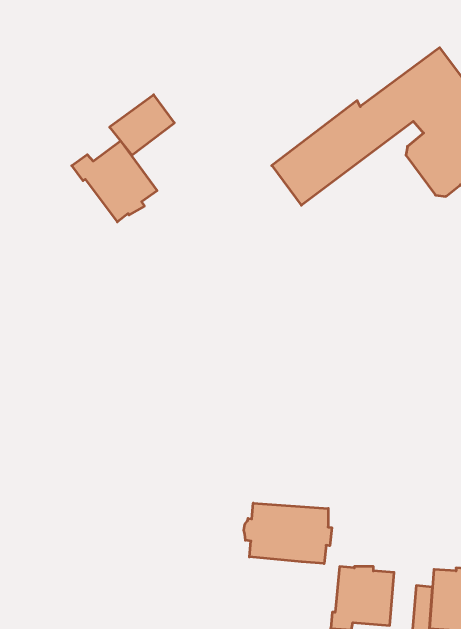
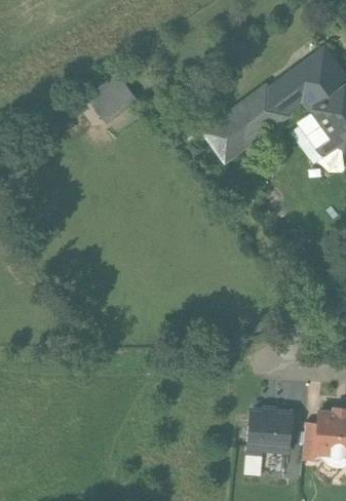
building: [72,141,157,222] -> none
building: [244,503,332,564] -> none

